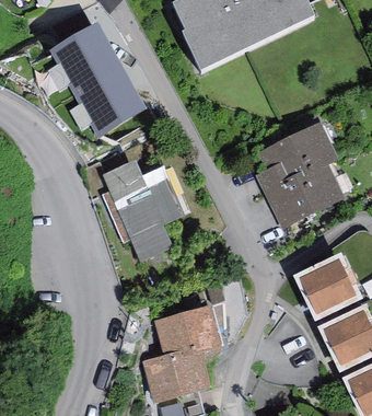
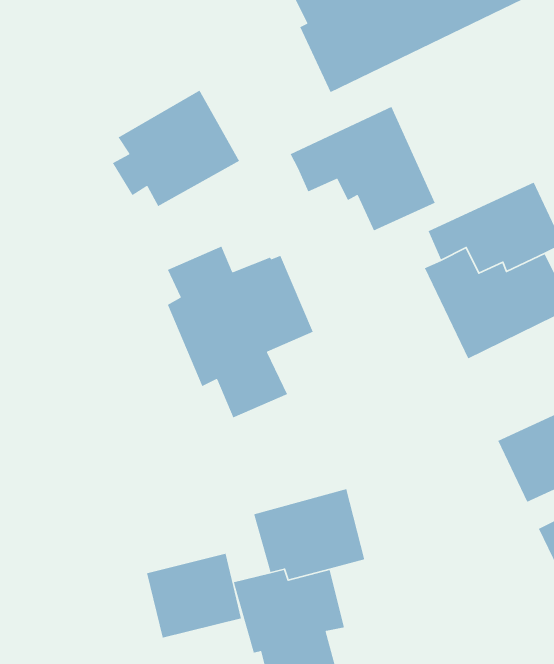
building: [46,22,121,95] -> none
building: none -> [290,106,436,231]
building: none -> [146,553,242,639]

